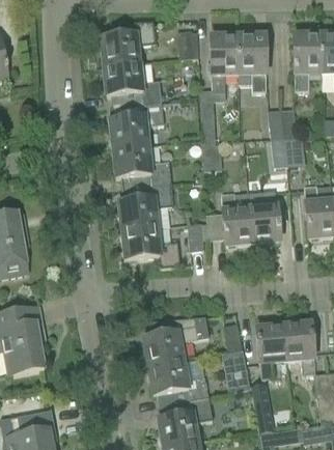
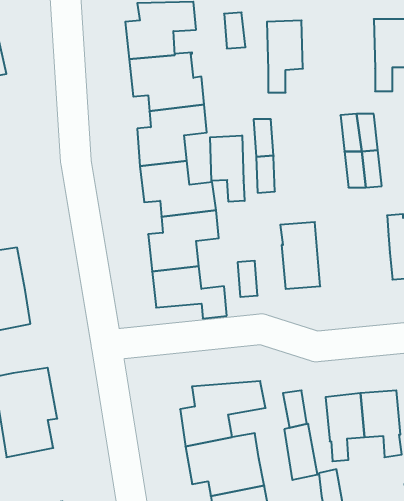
building: [238,36,266,92] -> none
building: none -> [210,135,245,202]
building: [248,190,280,243] -> none

